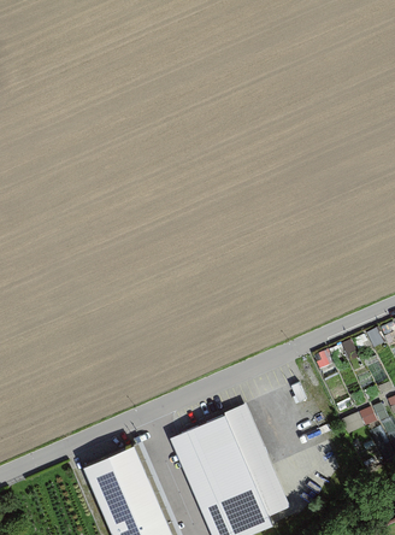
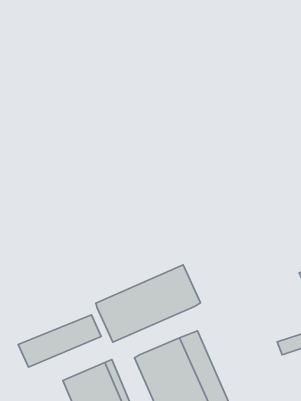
building: none -> [96,265,201,342]
building: none -> [18,315,101,367]

